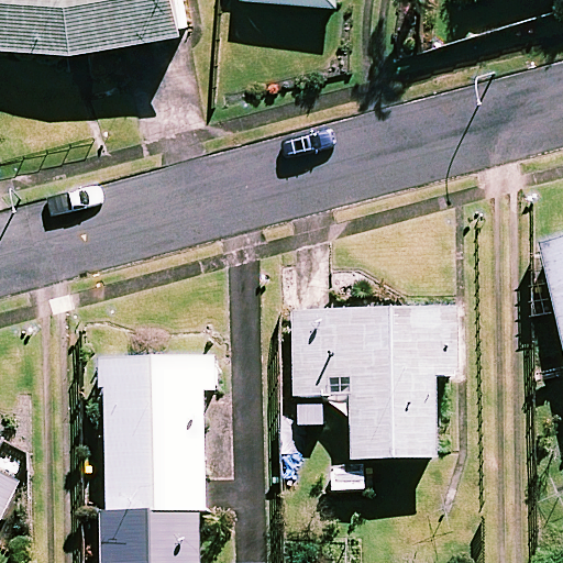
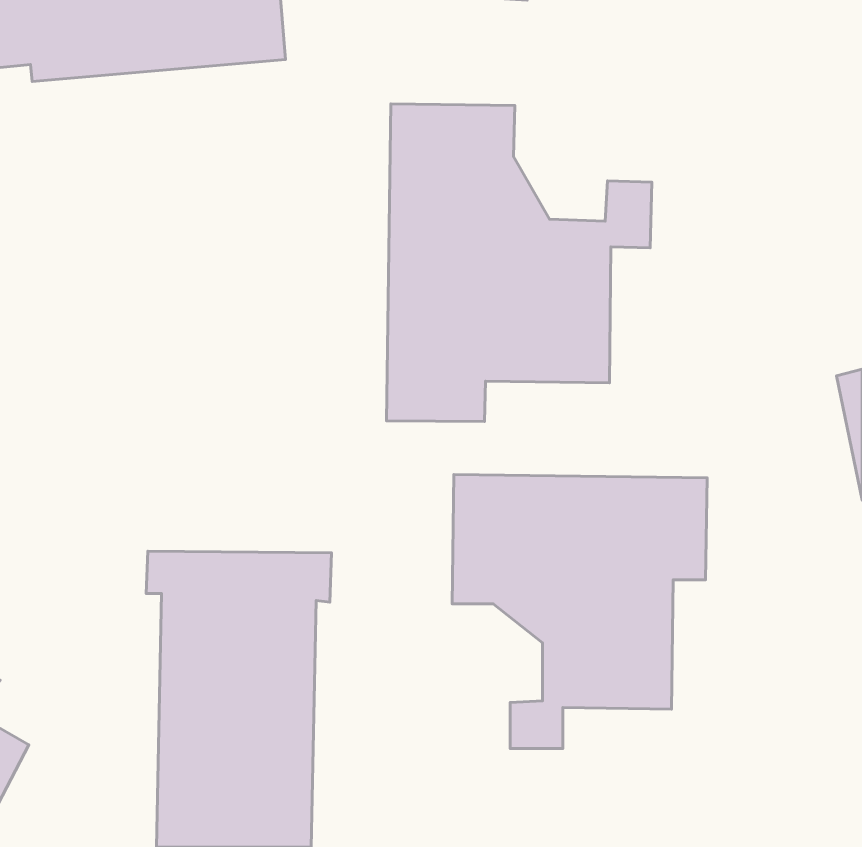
building: none -> [387,104,652,422]

